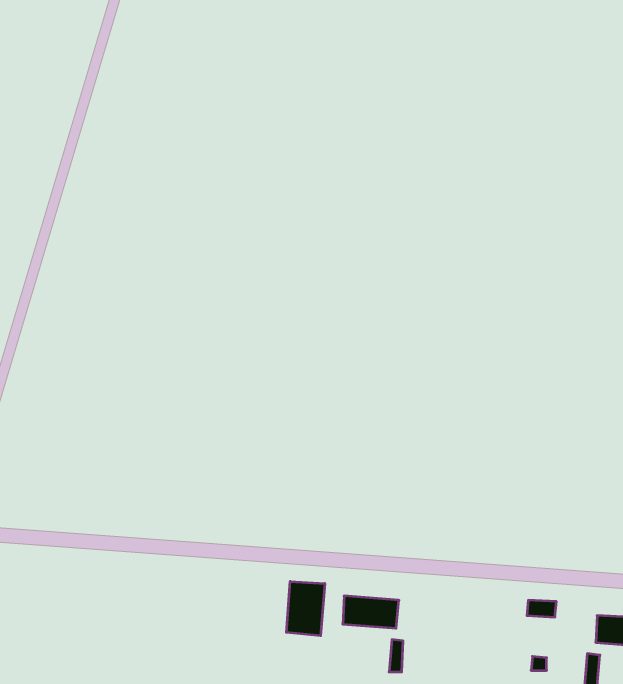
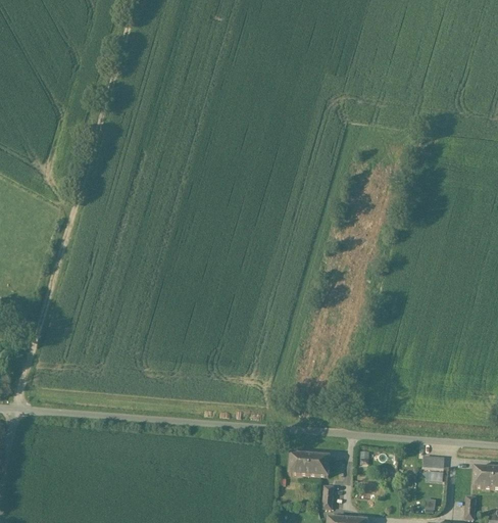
building: [286,581,325,636] -> none

